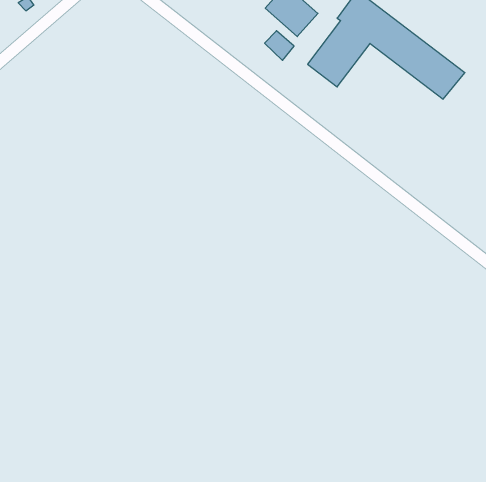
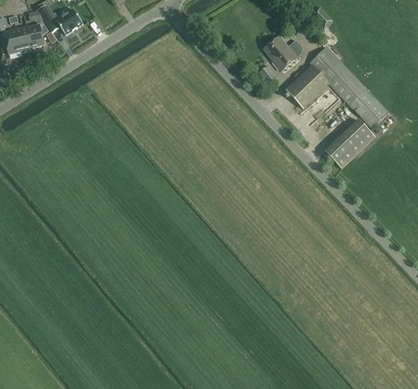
building: none -> [325,120,374,168]

